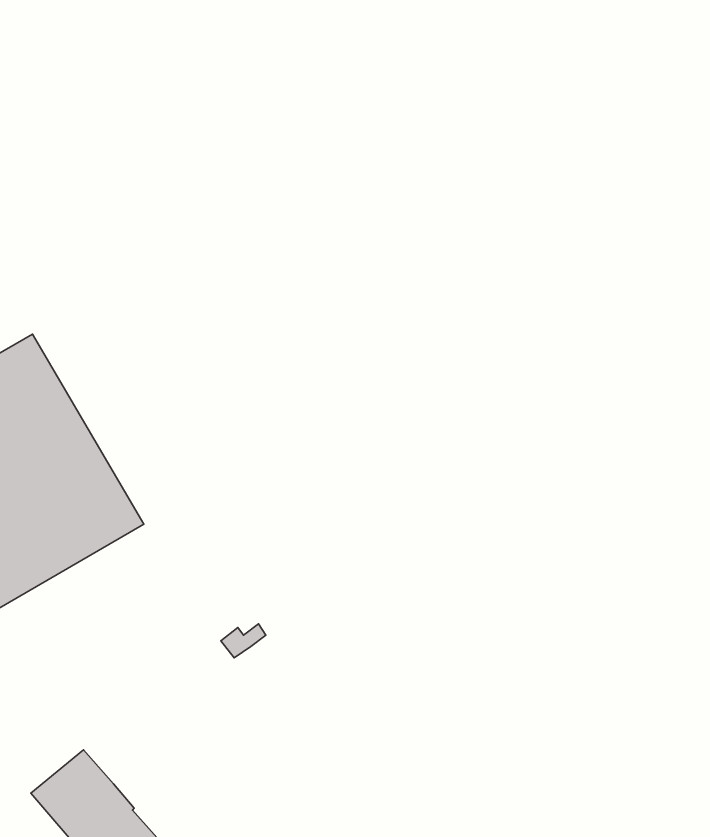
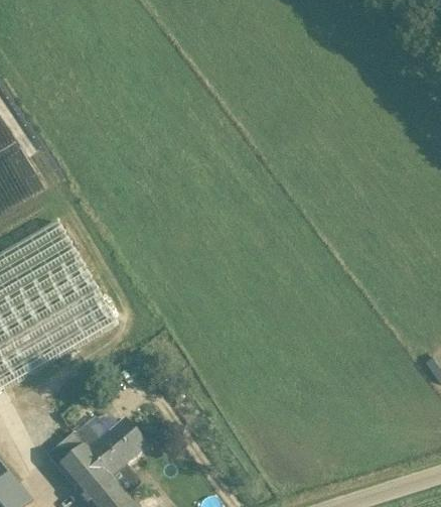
building: none -> [77,418,147,475]

